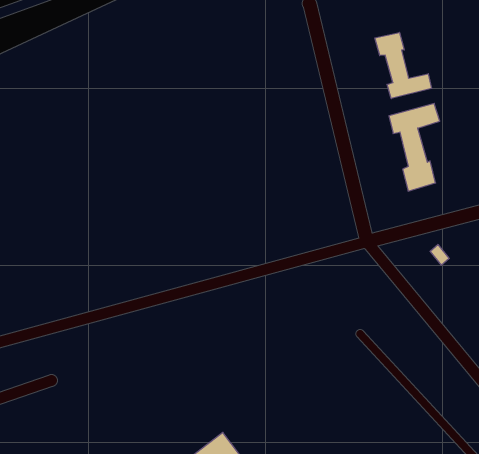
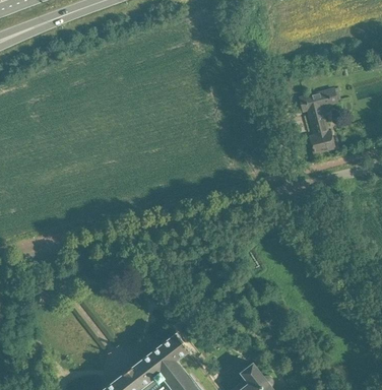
building: [375,32,431,99] -> none

